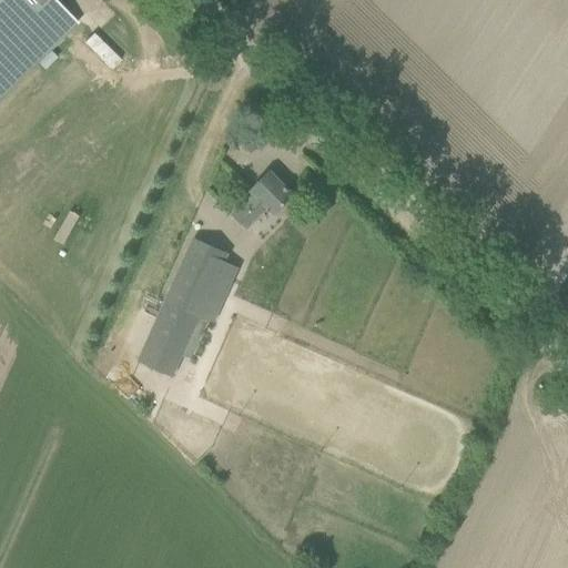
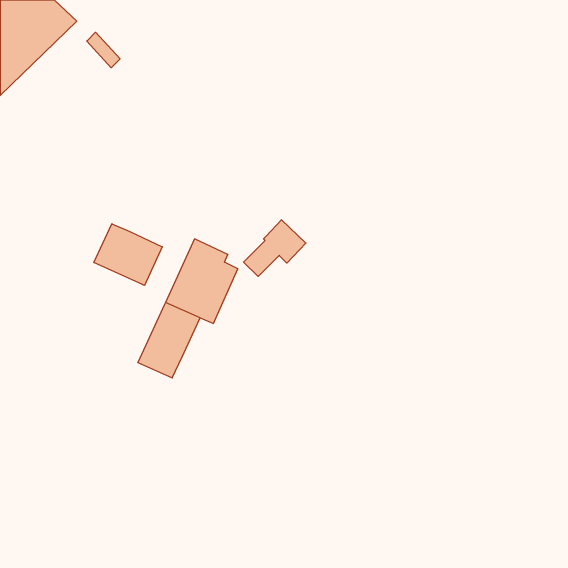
building: [232,172,294,229] -> [244,220,306,276]
building: none -> [94,224,162,285]

